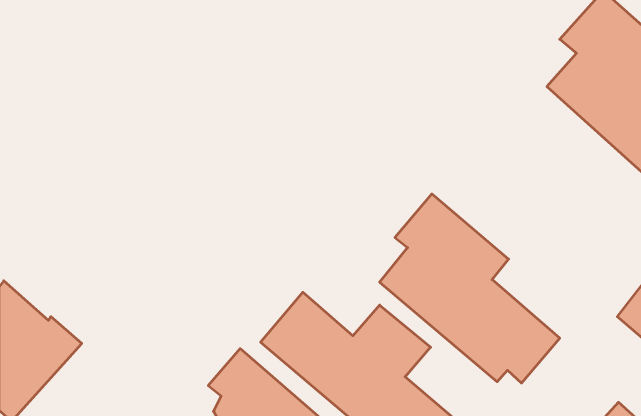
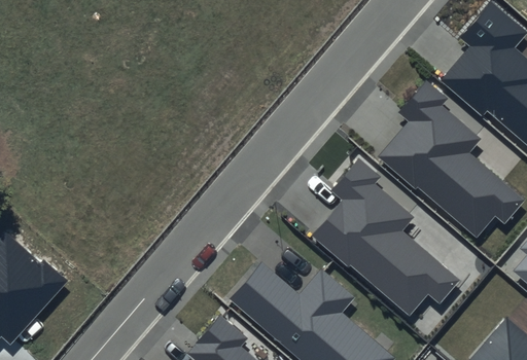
building: none -> [380,92,512,239]

